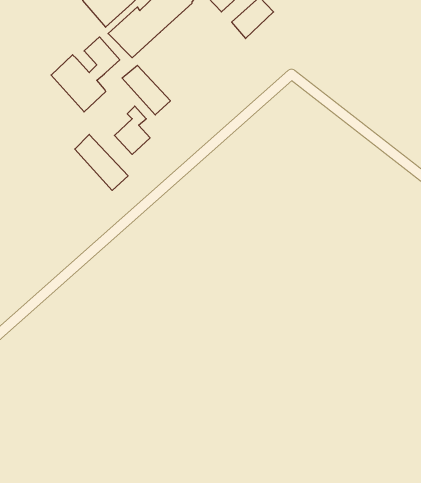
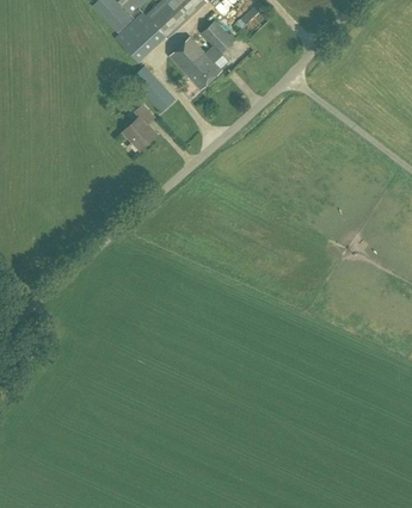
building: [51,37,120,112] -> [168,19,233,89]
building: [75,134,128,190] -> none

